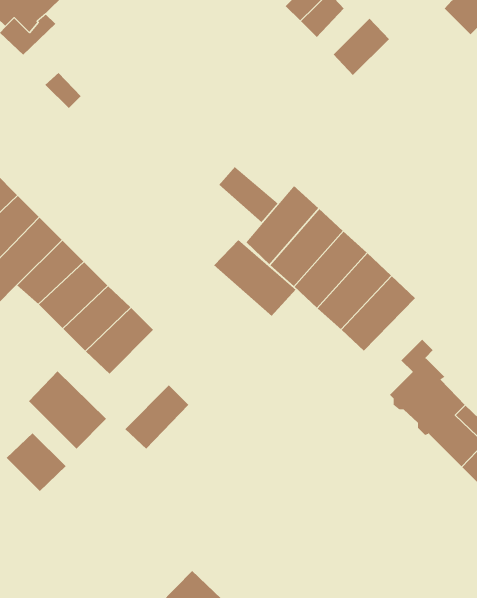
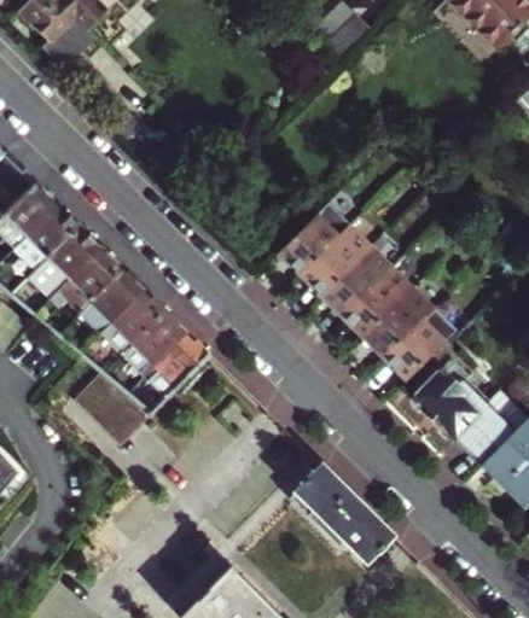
building: [333,18,390,76] -> none
building: [219,166,279,223] -> none
building: [213,239,297,317] -> none
building: none -> [389,303,461,374]
building: [124,385,189,449] -> [147,333,209,395]
building: [6,432,66,492] -> none
building: none -> [286,465,390,567]

